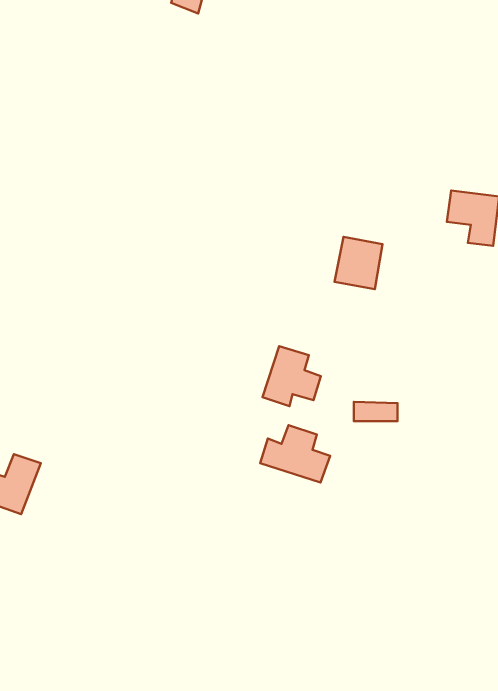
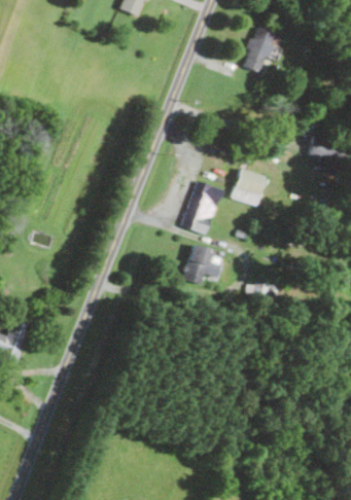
building: none -> [242,26,275,72]
building: none -> [182,181,221,235]
building: [260,425,330,483] -> none

